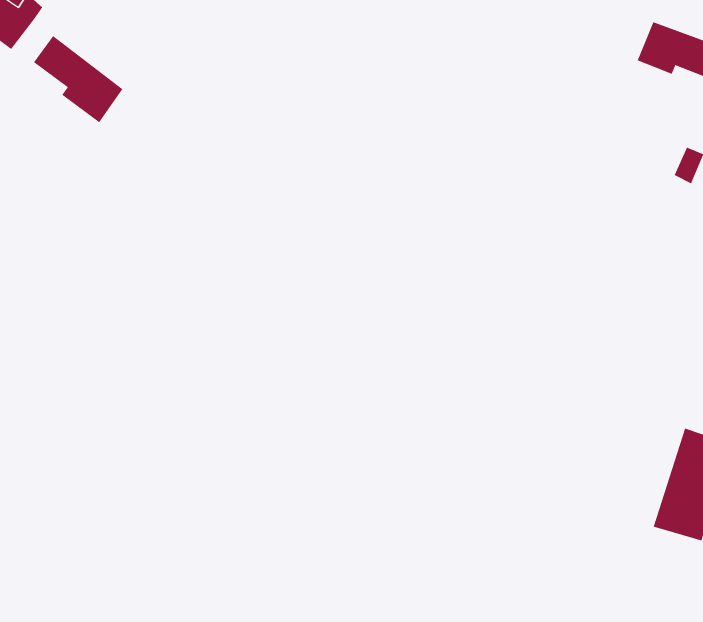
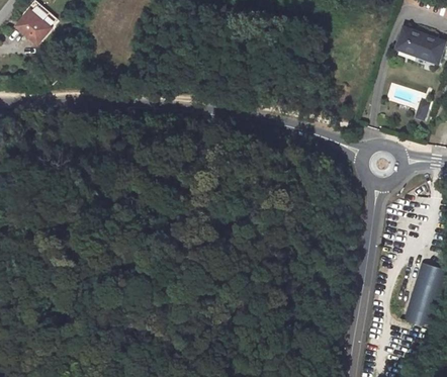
building: [33,35,123,123] -> none

